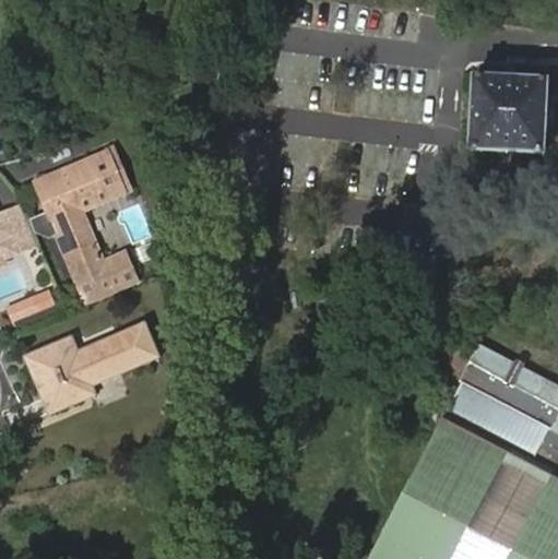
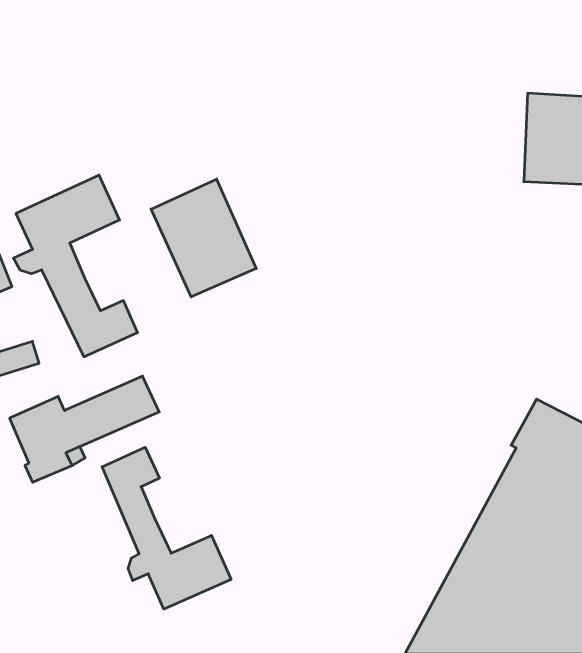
building: none -> [151,179,256,297]
building: none -> [102,447,231,609]

